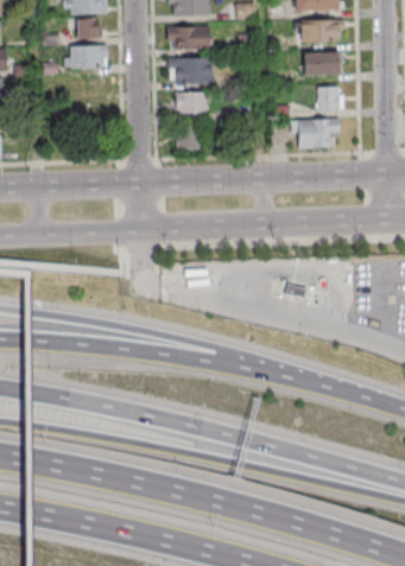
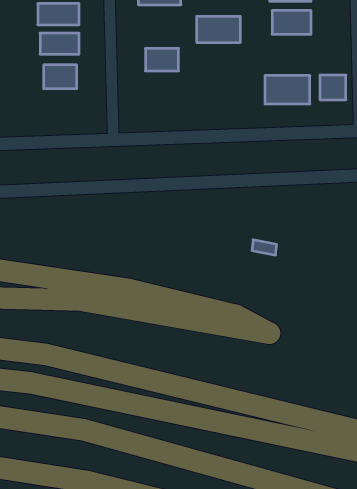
building: [170,57,214,83] -> [197,16,240,42]
building: [317,85,343,110] -> [320,75,346,100]
building: [176,126,201,152] -> none

